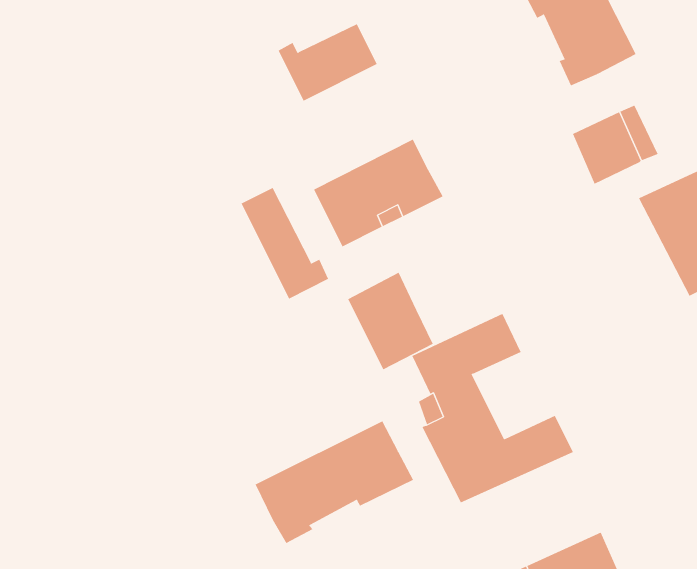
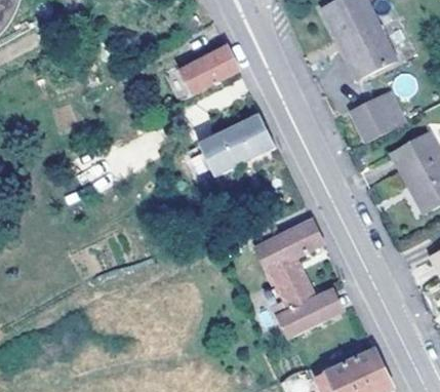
building: [241,187,329,299] -> none
building: [348,272,433,370] -> none
building: [255,420,414,544] -> none

